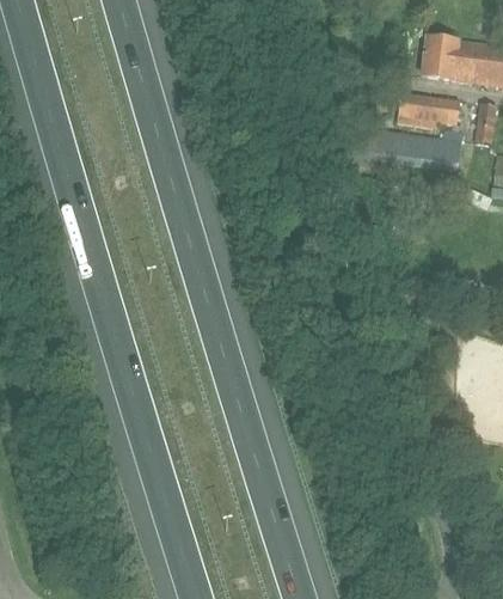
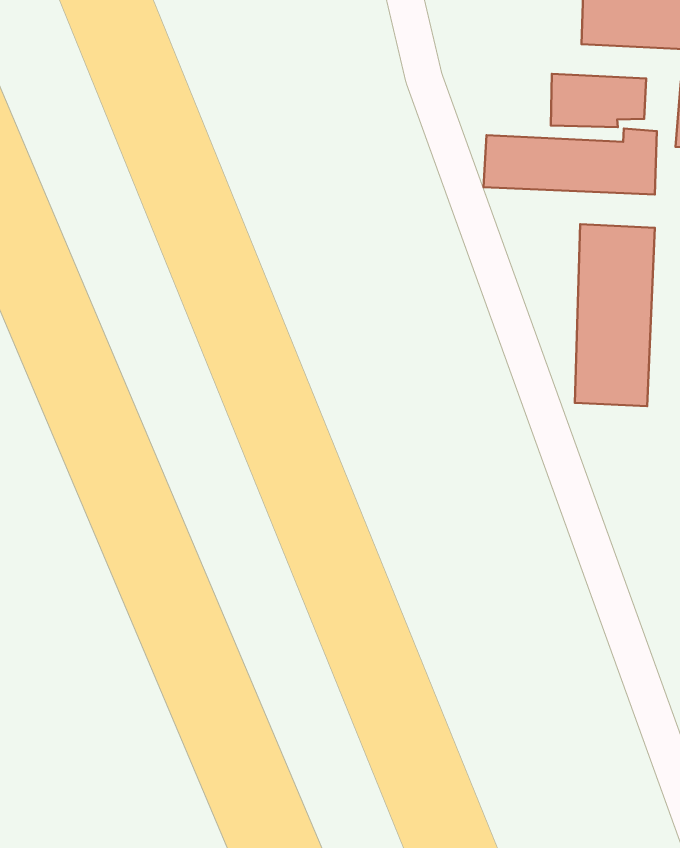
building: none -> [575,224,655,406]

